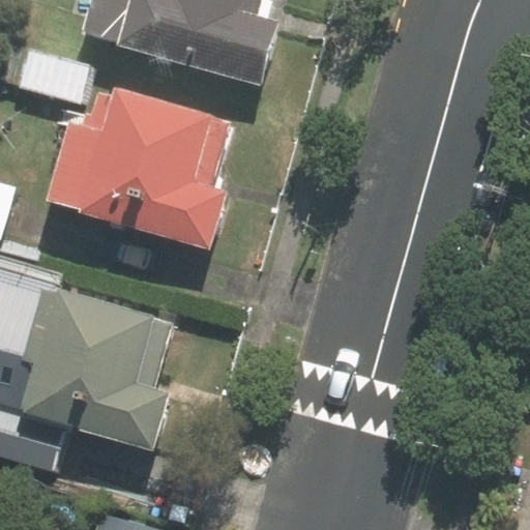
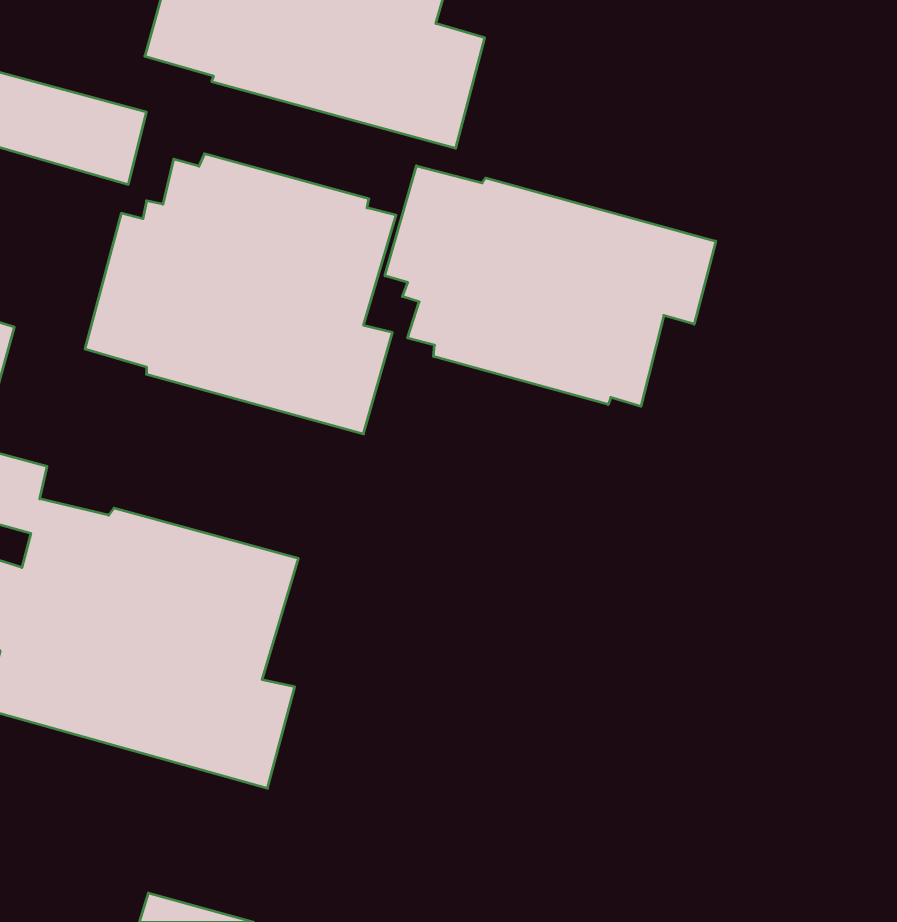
building: none -> [385,166,716,406]

